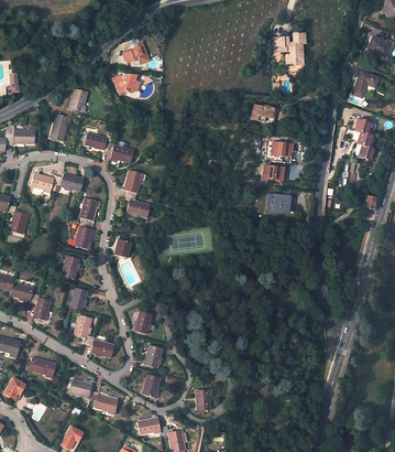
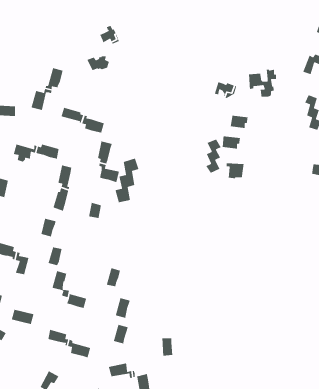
building: [272,35,304,67] -> [248,69,277,98]
building: none -> [205,139,222,174]
building: none -> [115,158,139,203]

